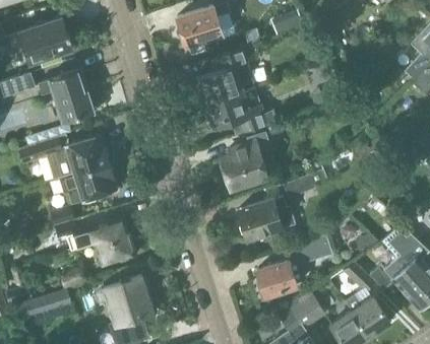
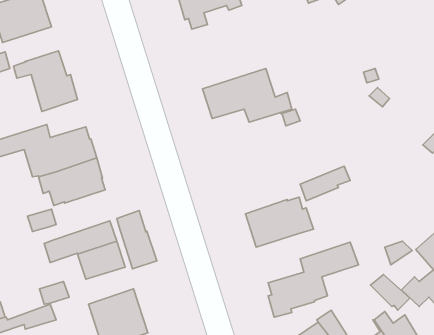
building: [192,45,256,104] -> none
building: [220,136,270,188] -> none
building: none -> [117,211,157,269]

